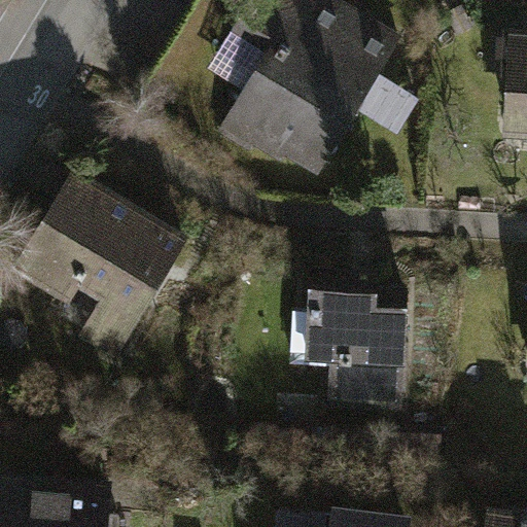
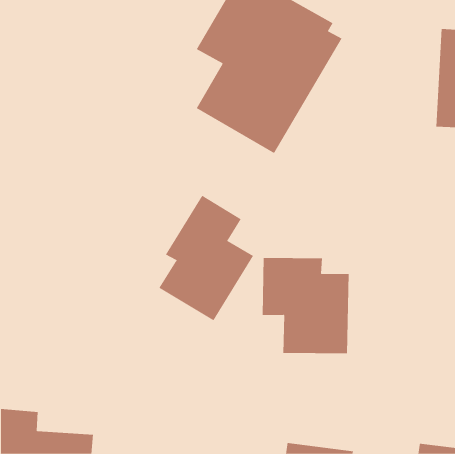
building: [8,170,187,341] -> none
building: none -> [158,195,254,321]

